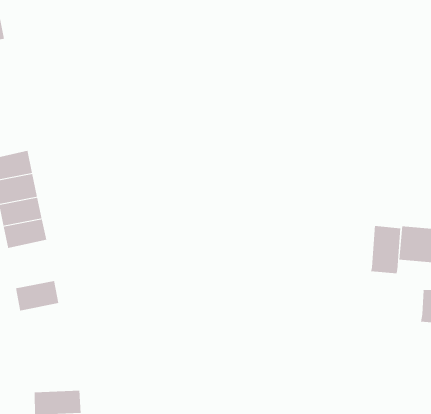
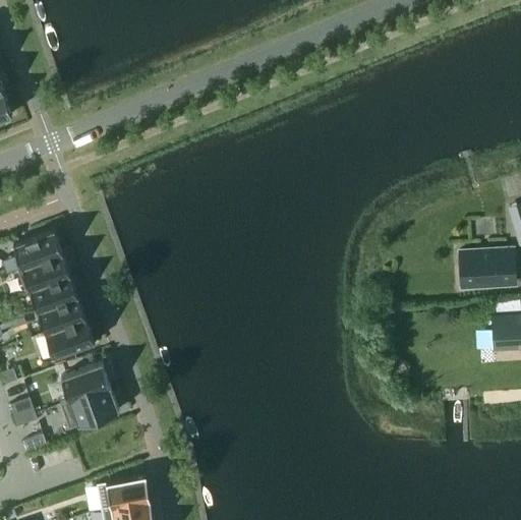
building: [370,225,401,274] -> none
building: none -> [46,322,94,358]
building: none -> [59,387,118,430]

